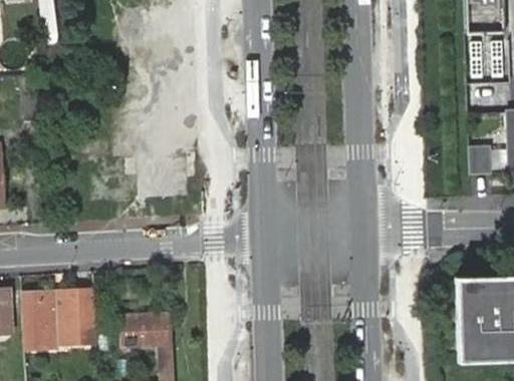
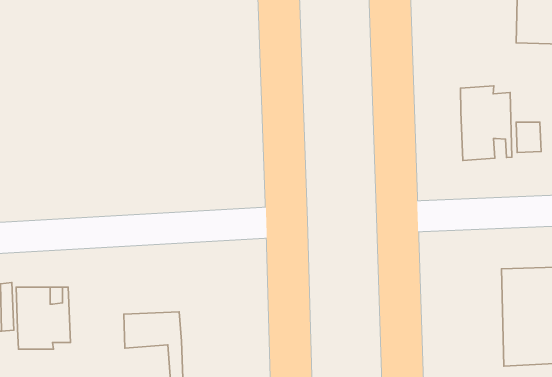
building: none -> [461,86,512,160]
building: [70,293,96,342] -> none

